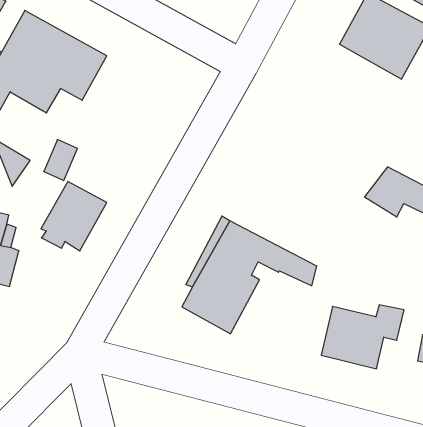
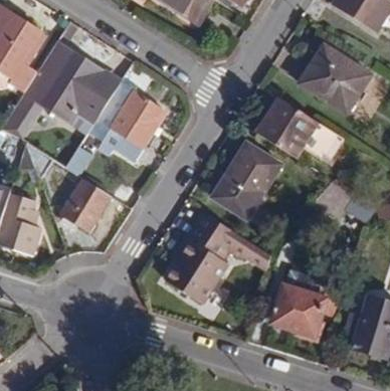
building: none -> [92,76,167,159]
building: none -> [255,97,342,163]
building: none -> [210,142,282,220]

